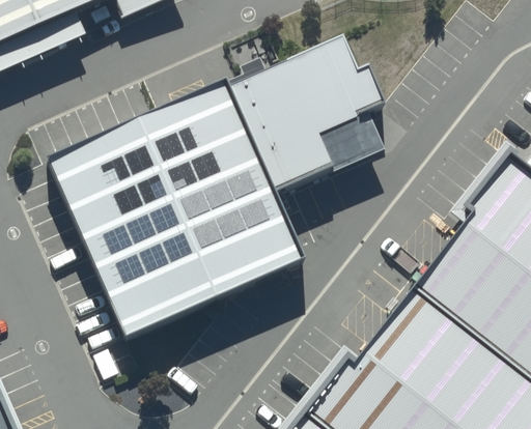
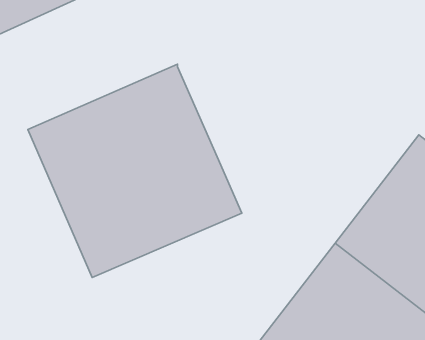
building: [227,34,386,191] -> none

